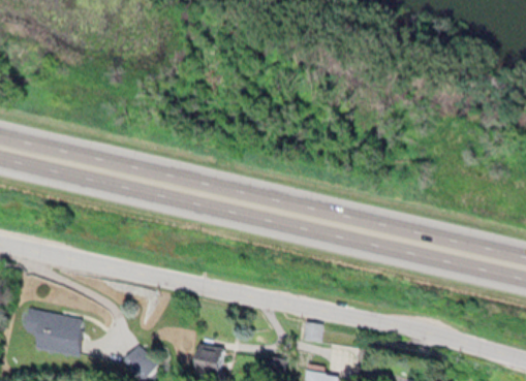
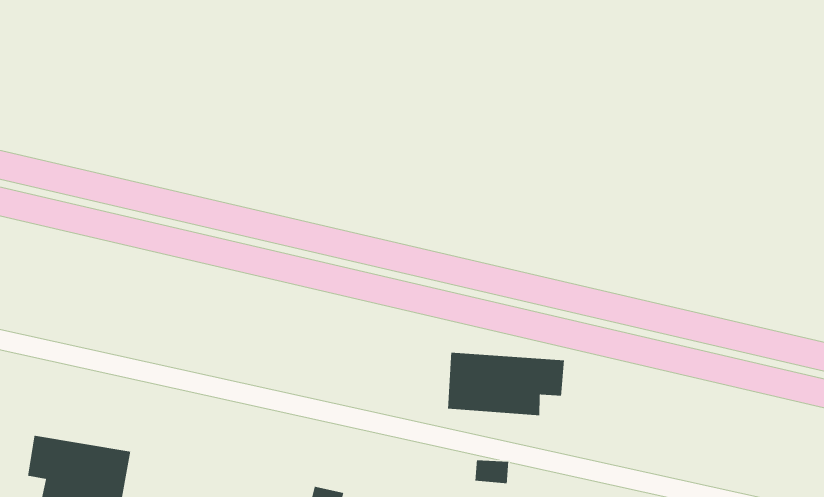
building: none -> [447,352,565,416]

